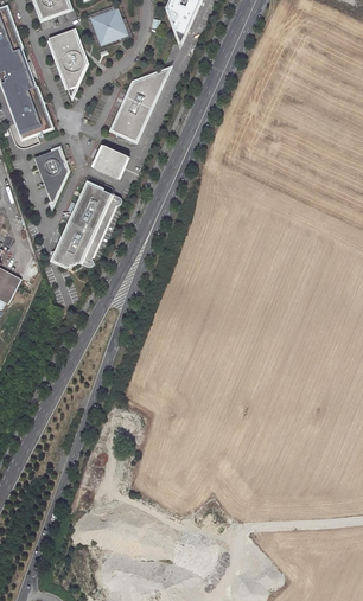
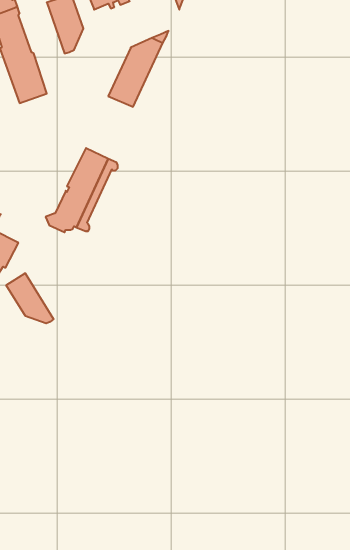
building: [93,145,128,179] -> none
building: [34,147,68,204] -> none
building: none -> [6,273,54,323]

